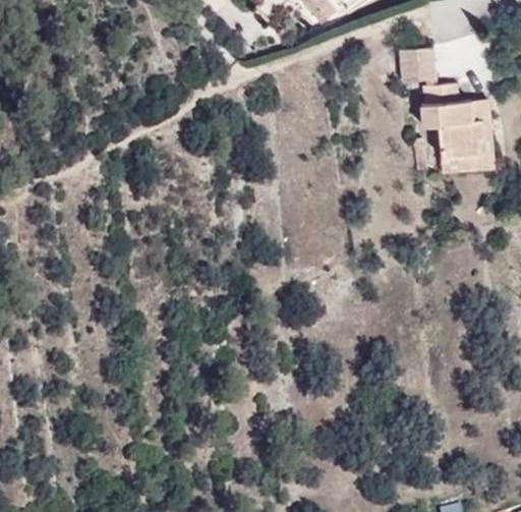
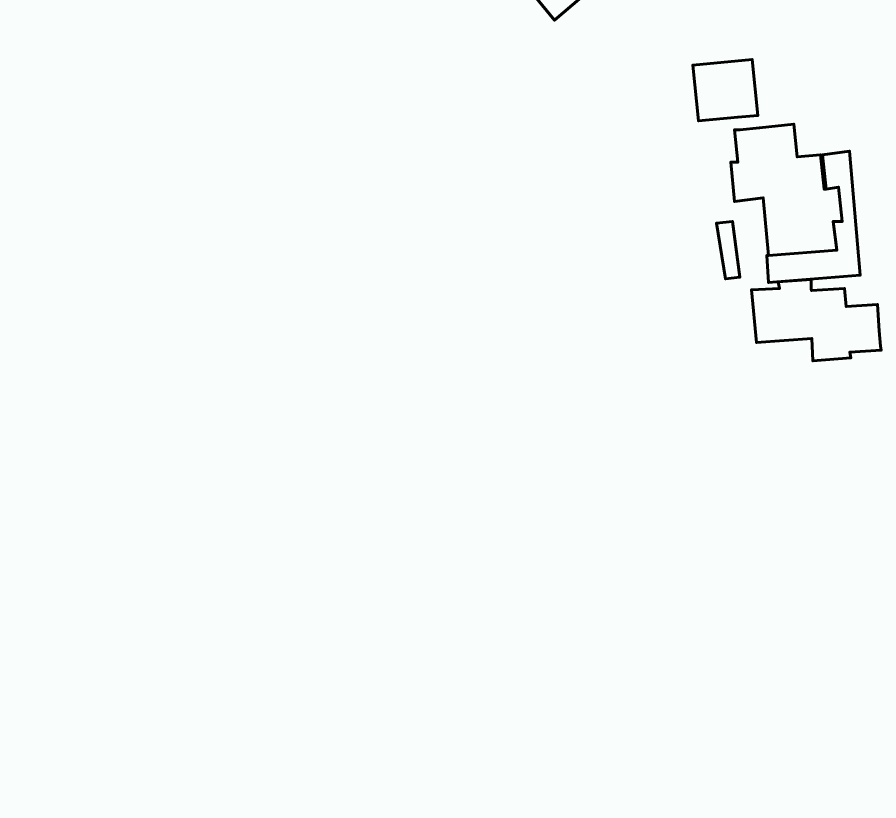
building: none -> [751,279,881,361]

